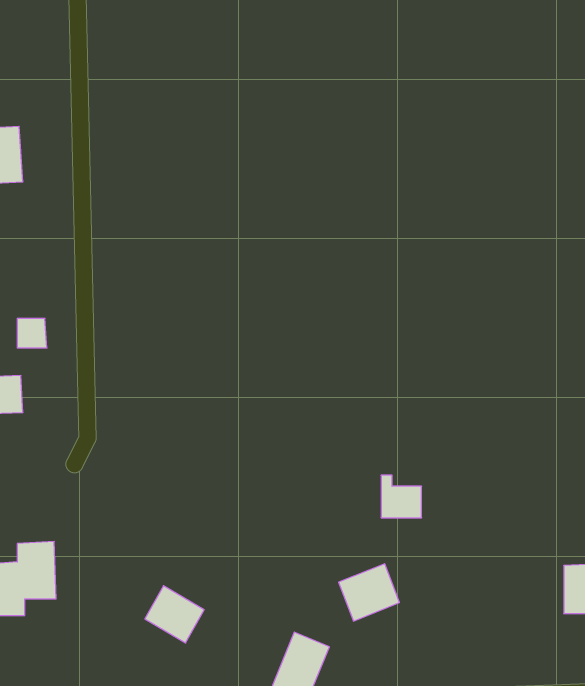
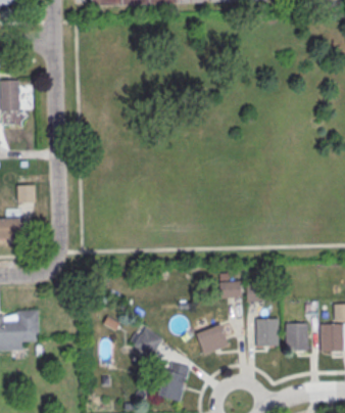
building: none -> [256,318,279,346]
building: none -> [286,323,309,351]
building: [145,586,204,643] -> [131,325,163,357]

